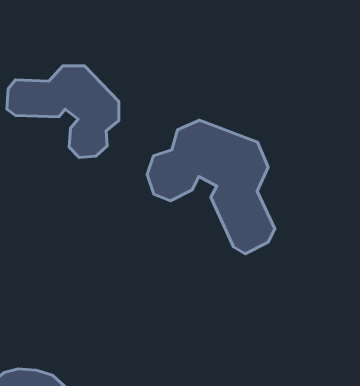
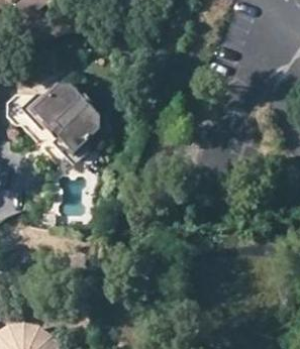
building: [147,120,275,254] -> none

